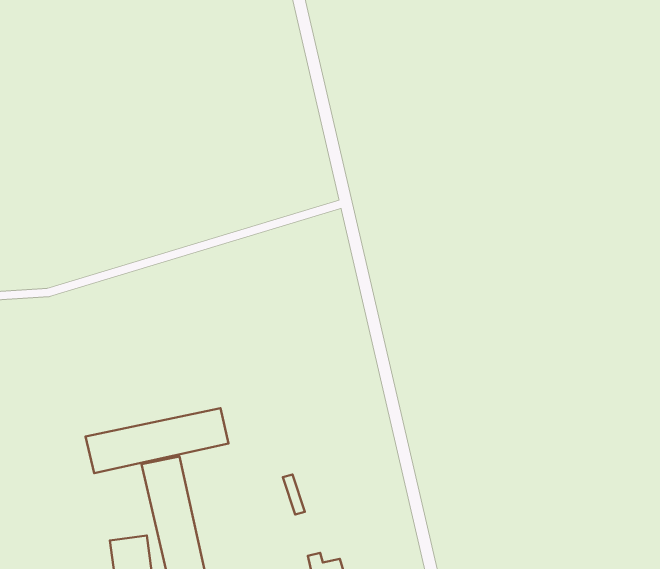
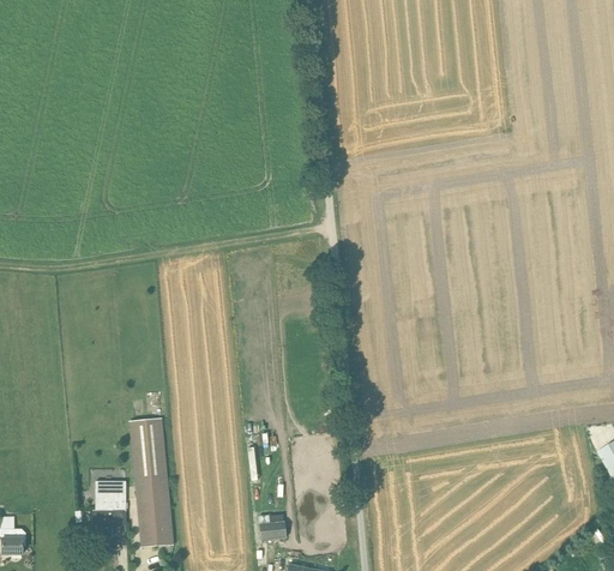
building: [86,408,229,473] -> none

